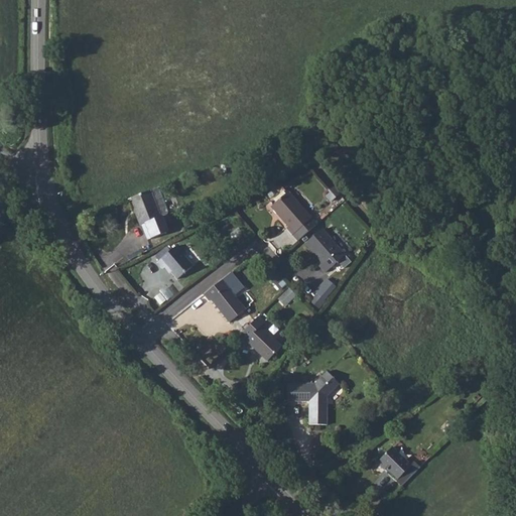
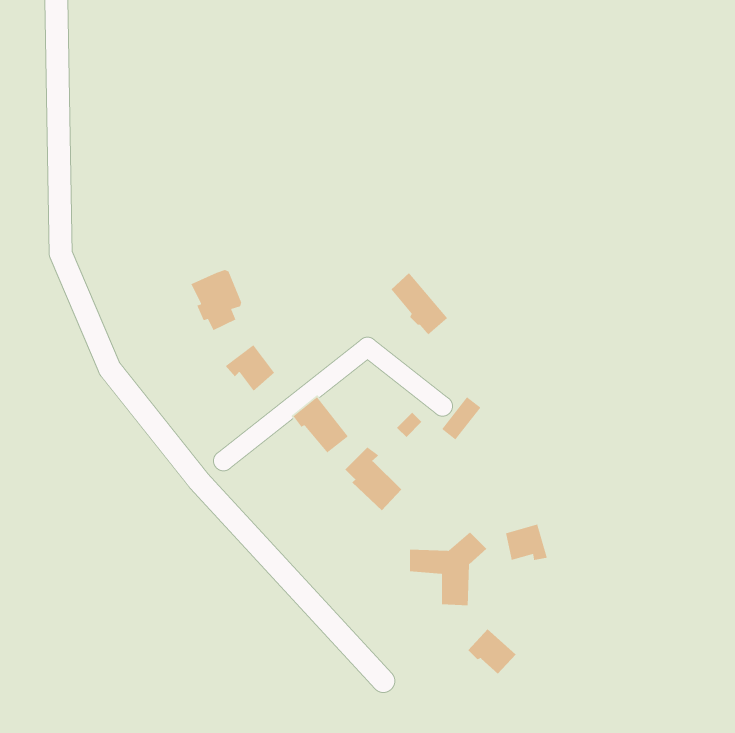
building: [305,228,345,270] -> none
building: none -> [505,524,548,561]
building: [375,446,409,479] -> [467,628,516,675]

